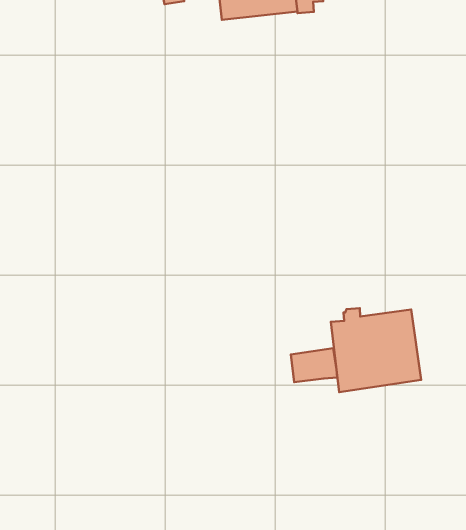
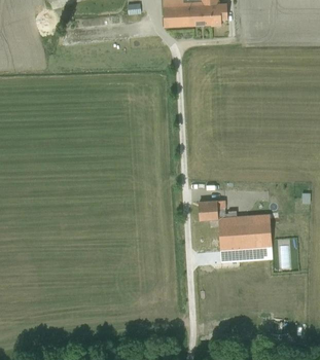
building: [291,348,337,382] -> [199,201,226,220]

